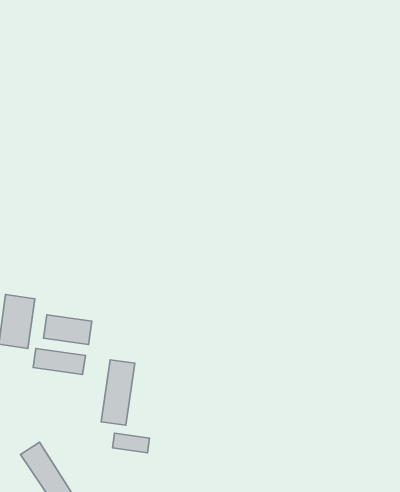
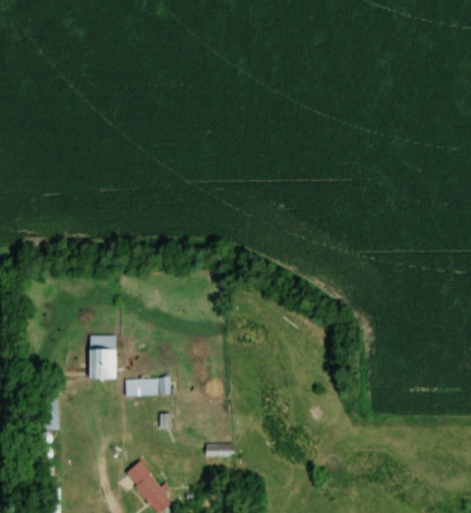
building: [43,315,92,345] -> none
building: [101,360,135,425] -> none

